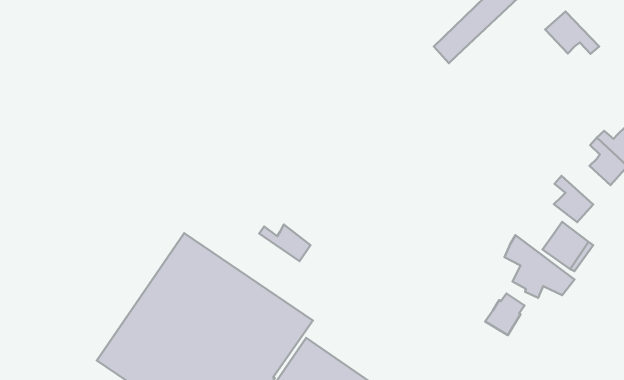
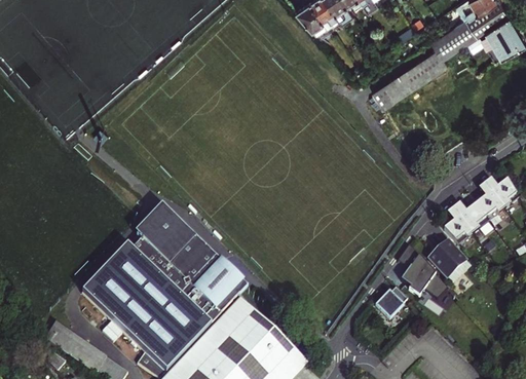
building: [545,11,599,54] -> none
building: none -> [453,201,489,231]
building: [259,225,310,261] -> none

